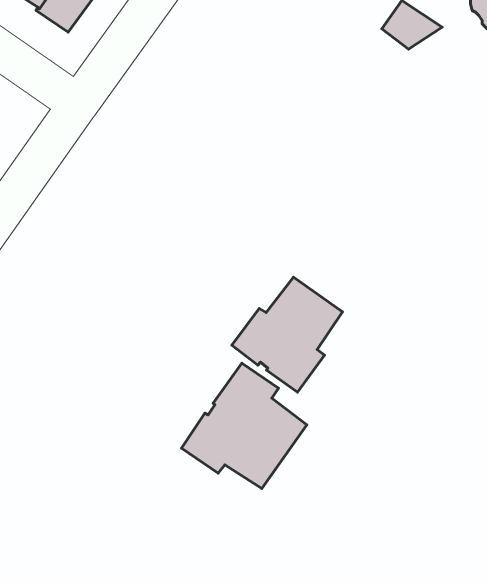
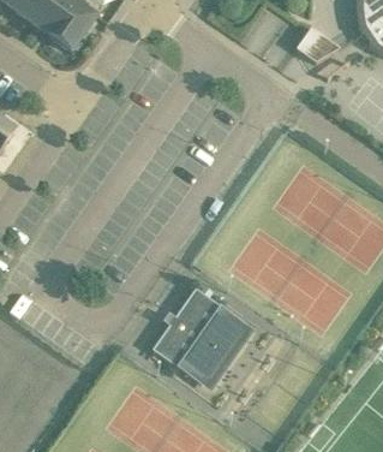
building: [232,277,342,392] -> none

